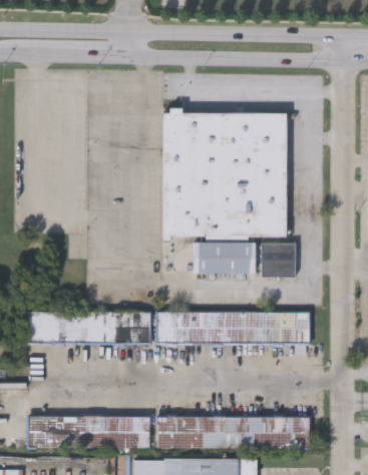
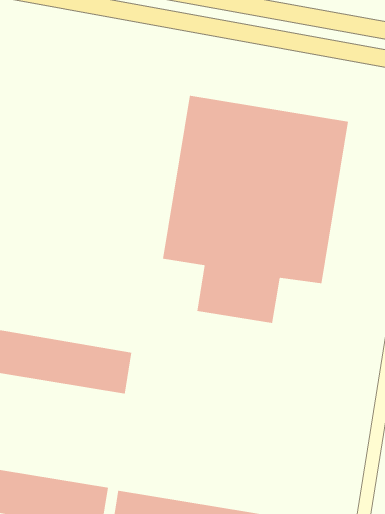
building: [261,242,296,277] -> none
building: [157,311,311,344] -> none

